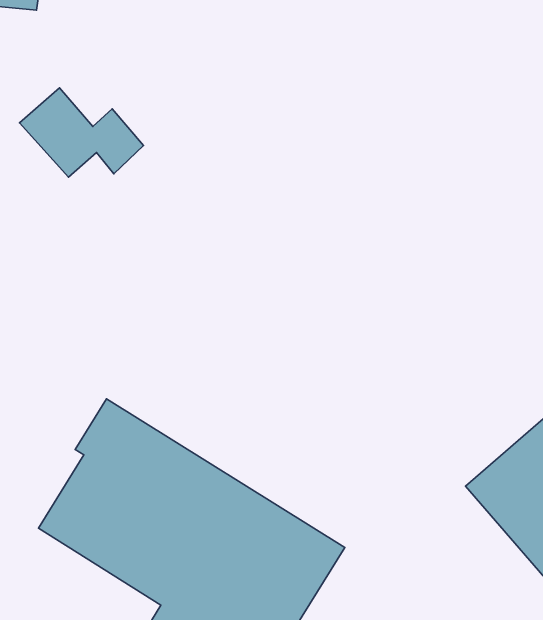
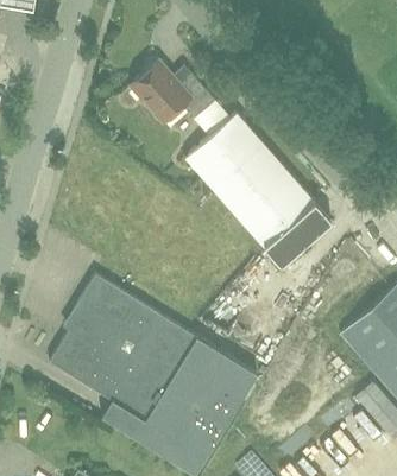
building: [19,88,144,177] -> [131,63,215,123]
building: none -> [185,115,332,267]

